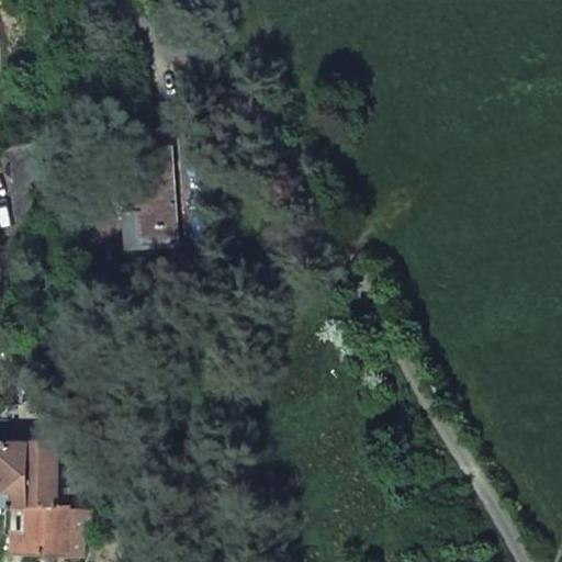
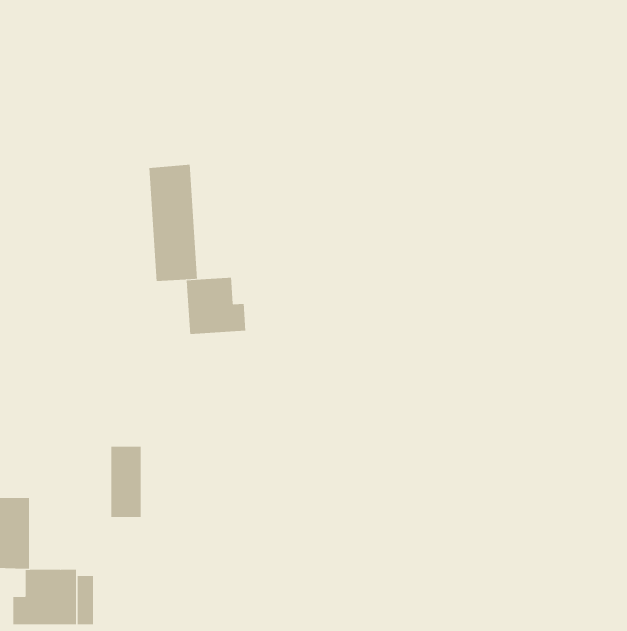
building: none -> [186,277,246,335]
building: [26,442,54,506] -> [111,446,141,518]

